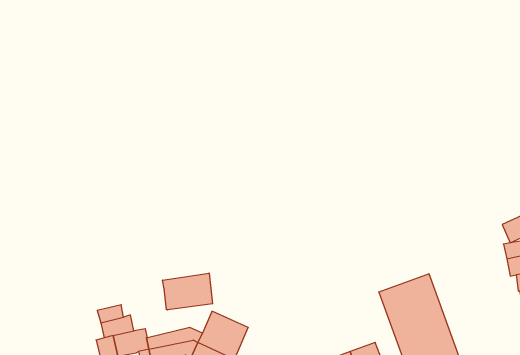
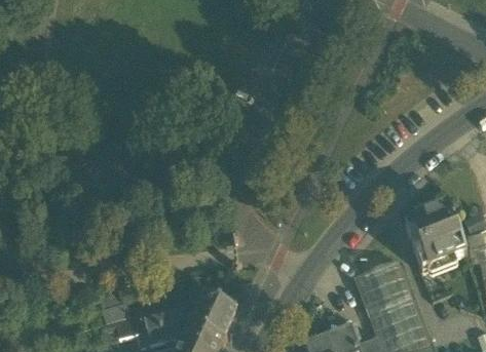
building: none -> [406,205,466,268]
building: [163,273,213,310] -> none

